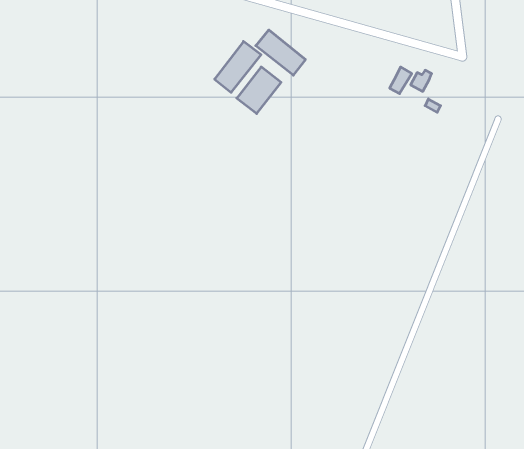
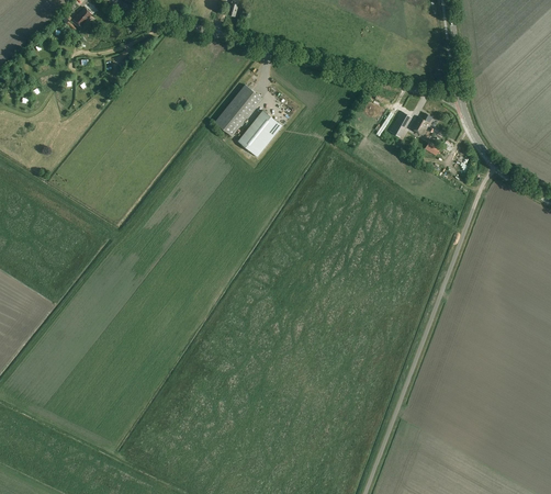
building: [256,30,305,75] -> none

